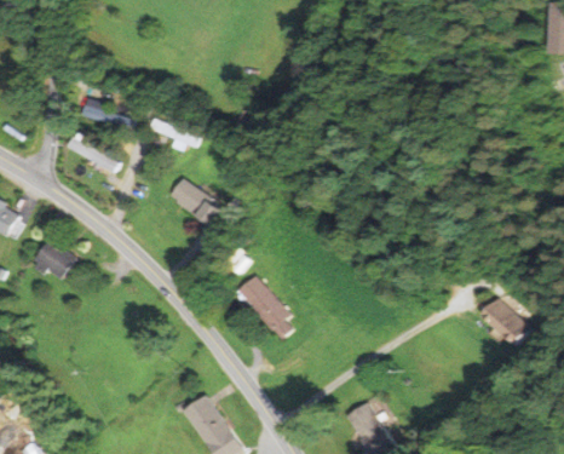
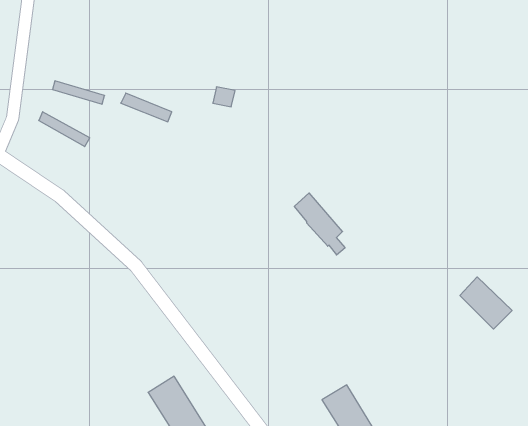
building: [171,178,221,224] -> none
building: [36,240,74,276] -> none
building: [240,276,289,337] -> [294,193,345,255]

